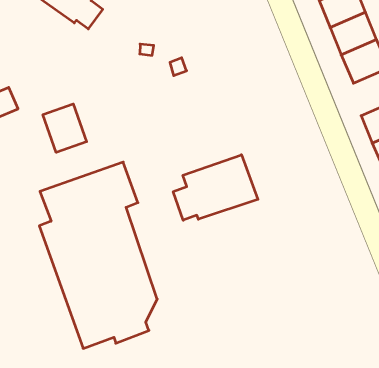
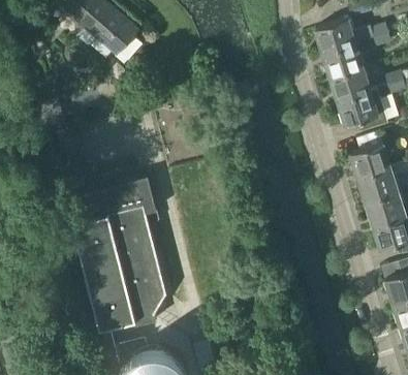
building: [43,104,87,152] -> none
building: [173,155,258,220] -> none

